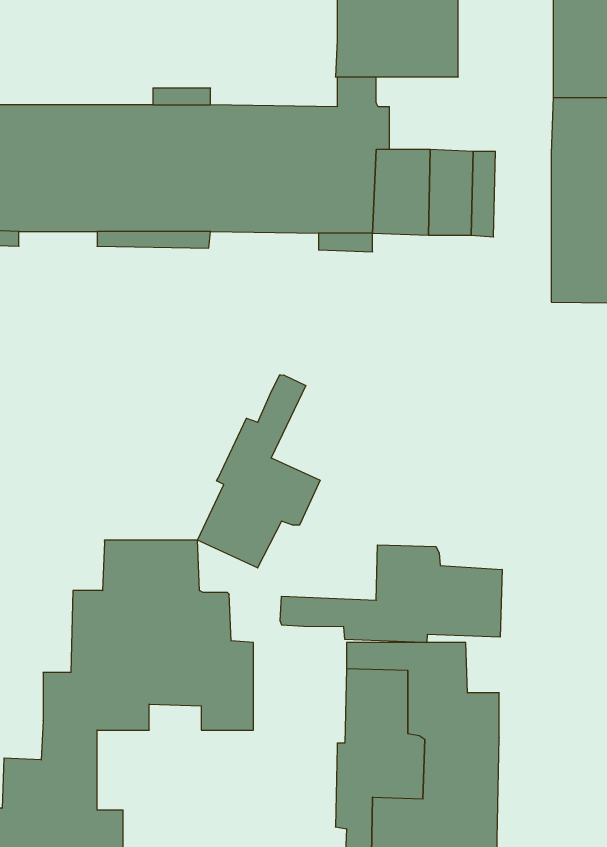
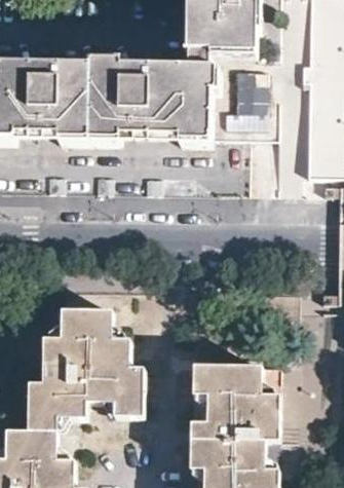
building: [198,375,320,568] -> none
building: [280,545,502,643] -> none

